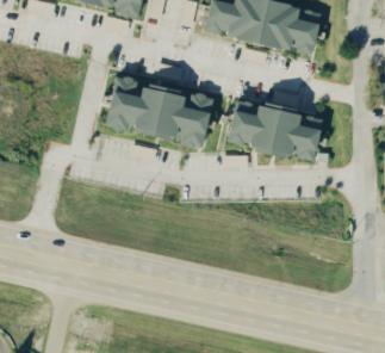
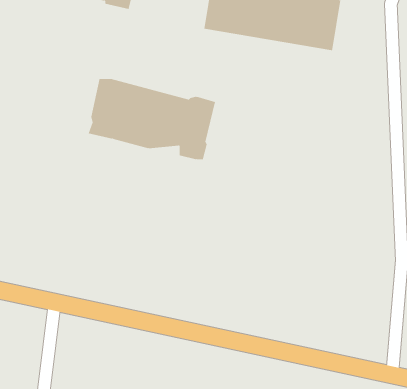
building: [224,99,323,162] -> none

